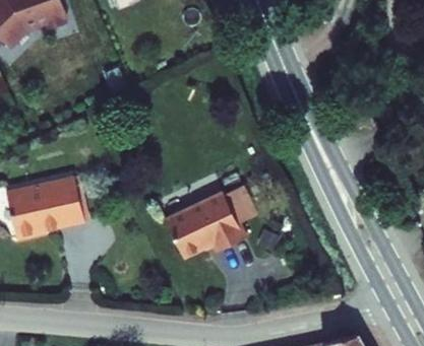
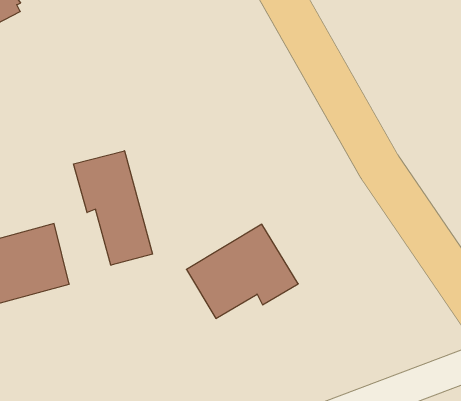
building: none -> [74,151,153,265]

